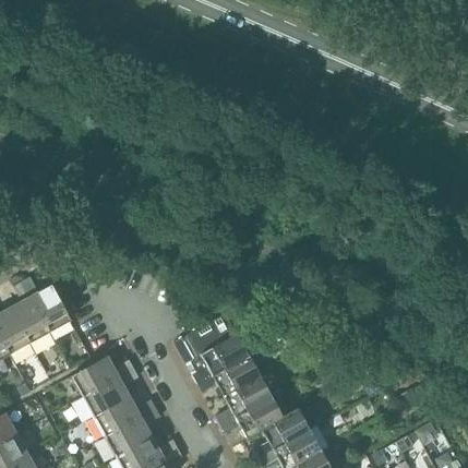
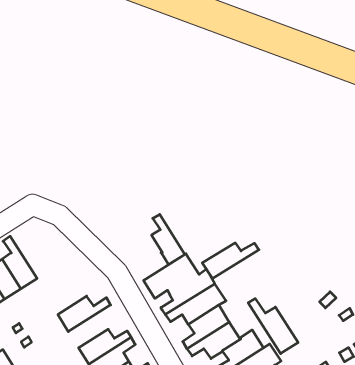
building: none -> [152,214,185,265]
building: [22,277,71,333] -> none
building: none -> [202,243,259,279]
building: [83,369,139,417] -> none
building: none -> [248,299,298,354]

